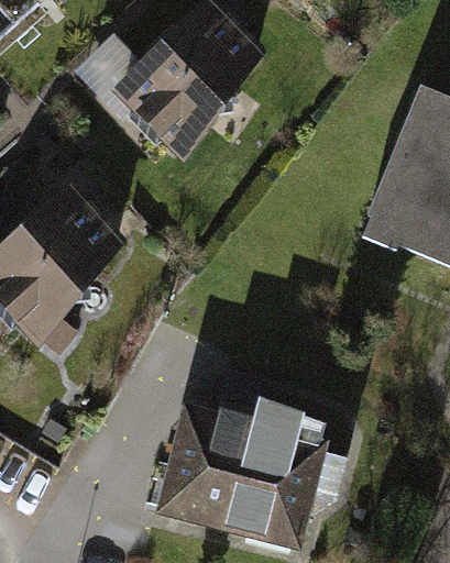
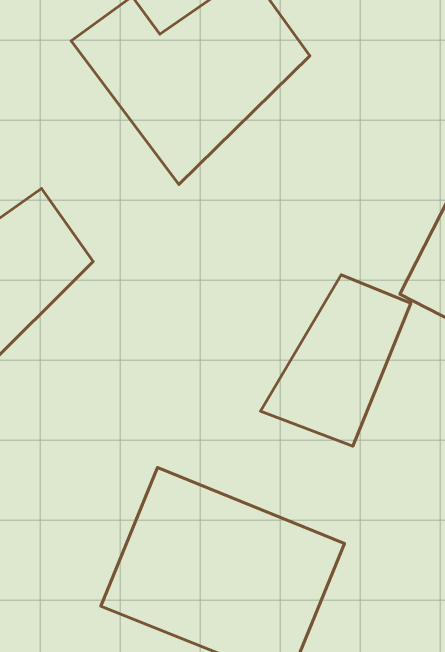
building: none -> [260,275,411,446]

